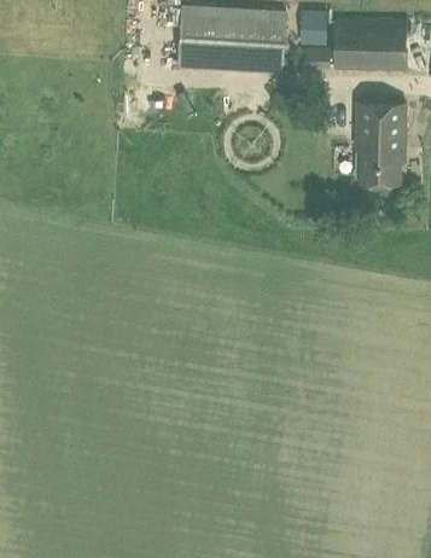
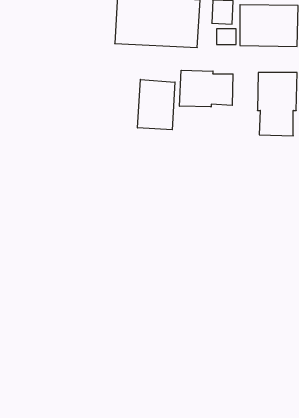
building: none -> [180,70,233,107]
building: none -> [138,79,175,130]

